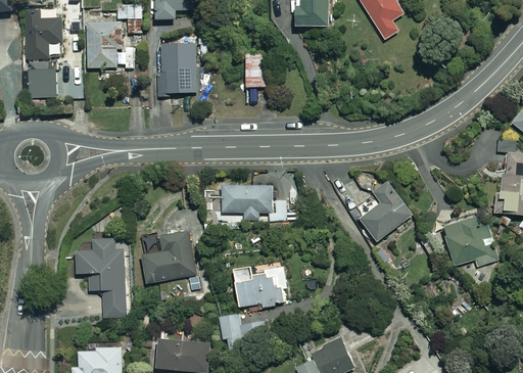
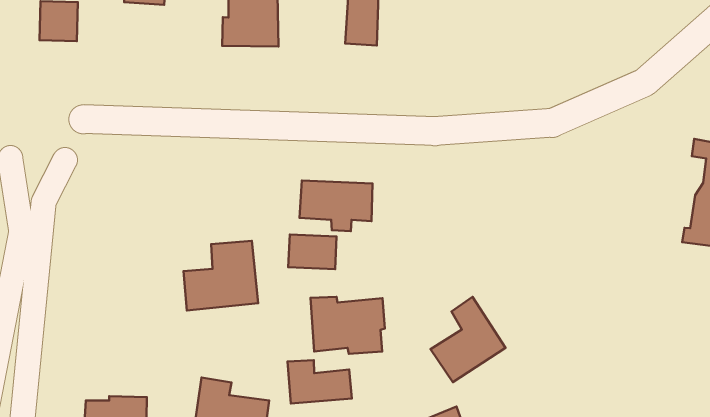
building: [360,181,413,242] -> [430,297,505,382]
building: [442,216,497,266] -> none
building: none -> [288,235,337,269]
building: [76,237,127,317] -> none

